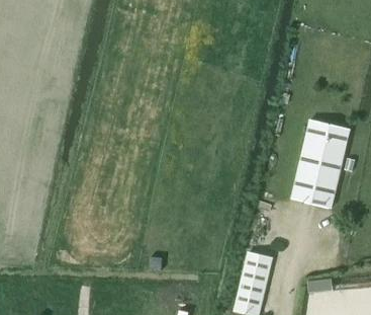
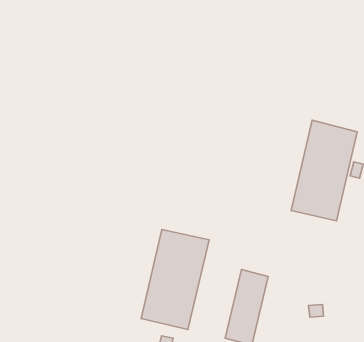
building: none -> [141,230,209,330]

